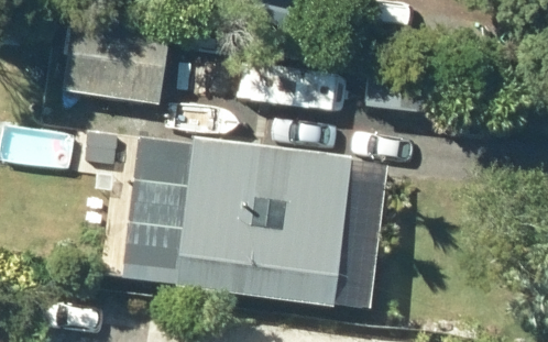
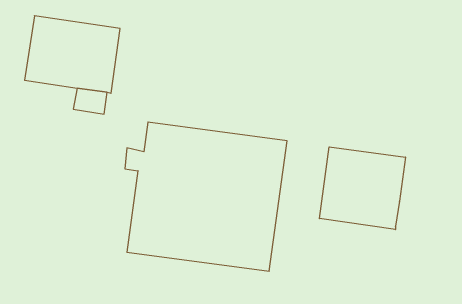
building: none -> [319,147,405,230]

